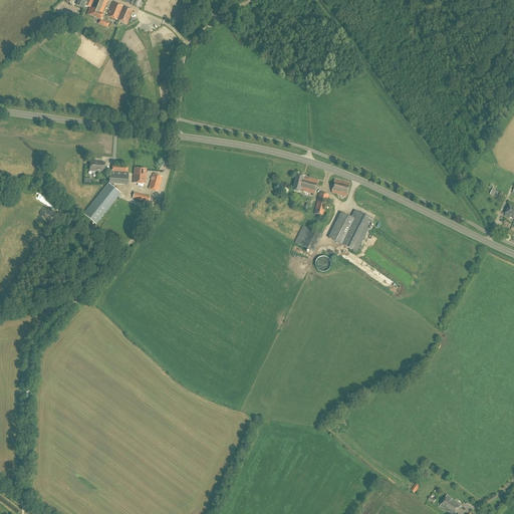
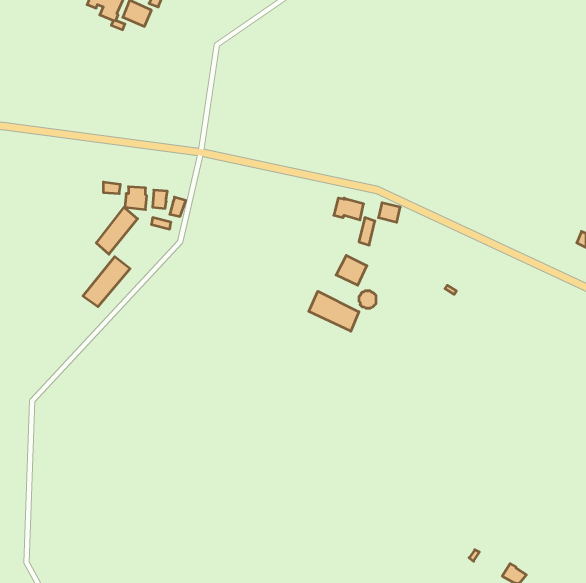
building: [328,209,372,250] -> none
building: none -> [83,257,130,307]
building: none -> [309,291,359,331]

